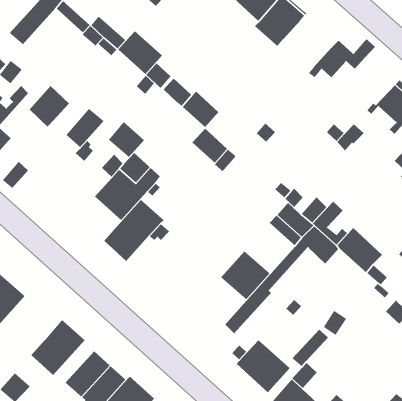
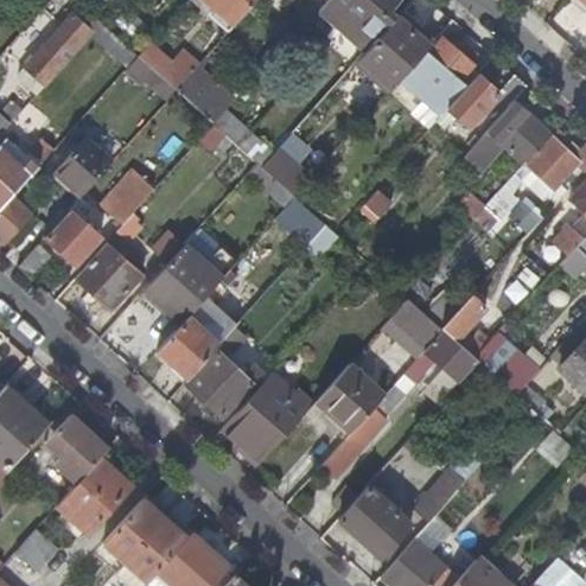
building: none -> [402,37,474,113]
building: none -> [465,101,549,171]
building: [108,121,145,158] -> none
building: none -> [44,193,101,265]
building: none -> [75,243,141,310]
building: none -> [186,350,253,416]
building: none -> [223,372,313,465]
building: none -> [55,414,108,484]

